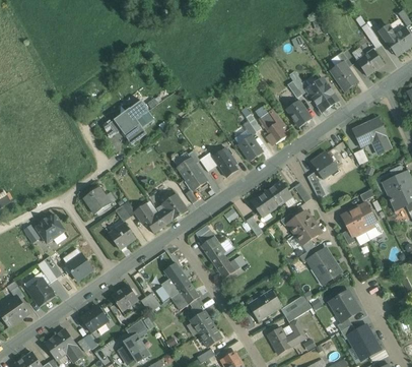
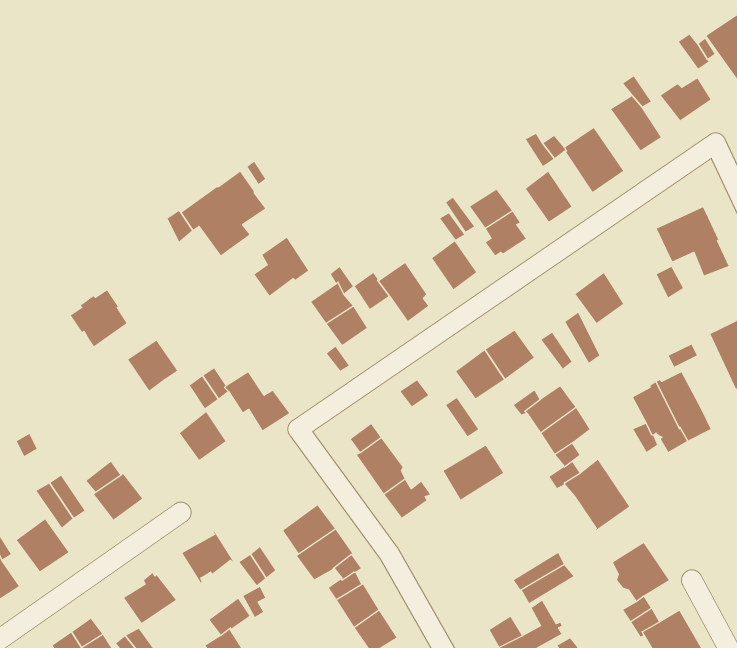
building: [158,193,187,224] -> [253,237,309,296]
building: [35,213,64,243] -> [70,290,127,347]
building: [248,291,279,319] -> [442,445,504,501]

